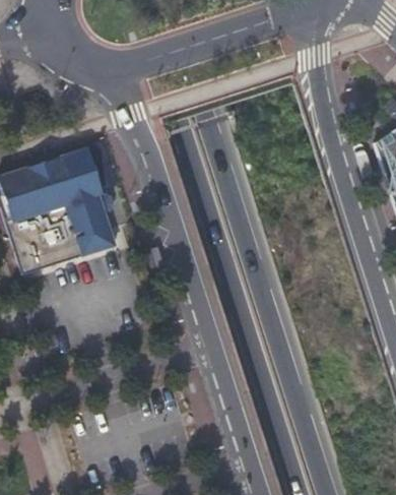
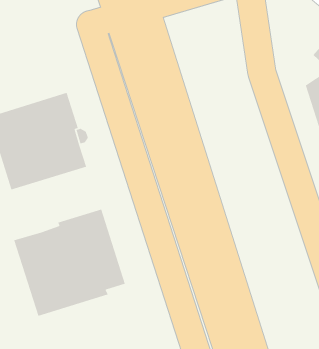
building: none -> [13,208,126,317]

